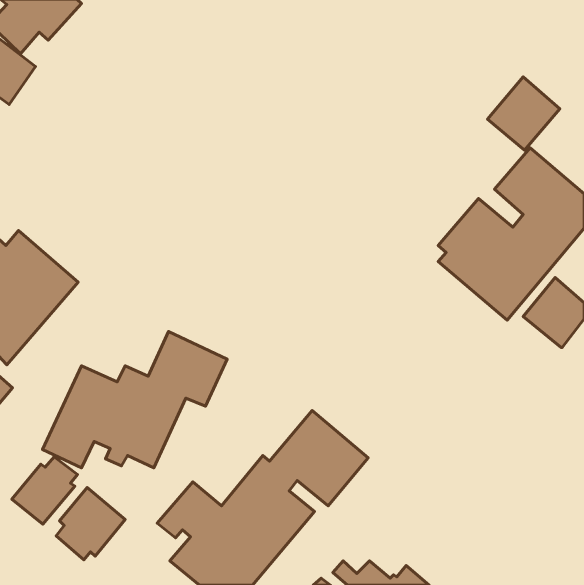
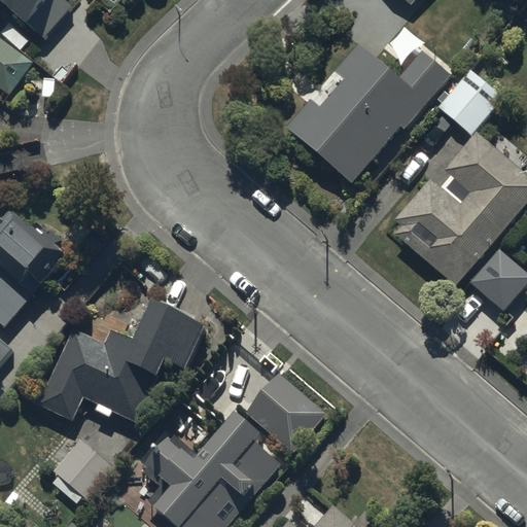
building: none -> [285,43,449,183]
building: [12,457,77,524] -> none

